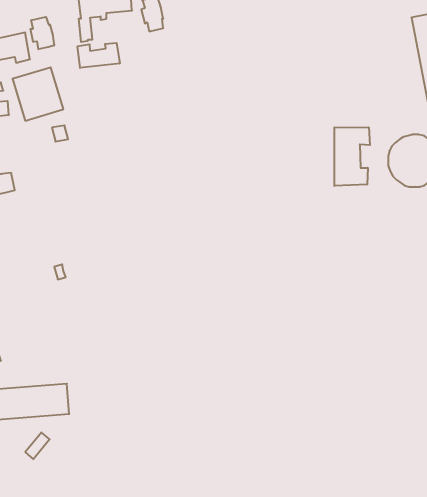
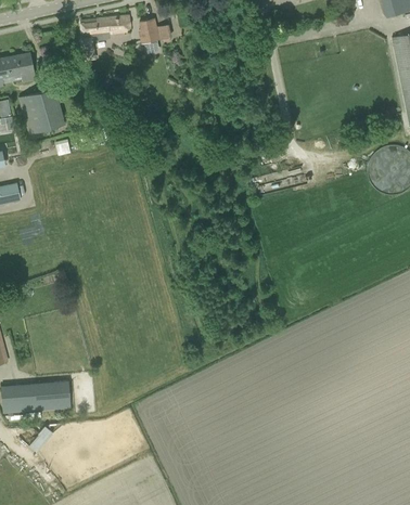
building: [30,17,54,49] -> none
building: [78,43,120,68] -> none
building: [334,127,370,186] -> none

